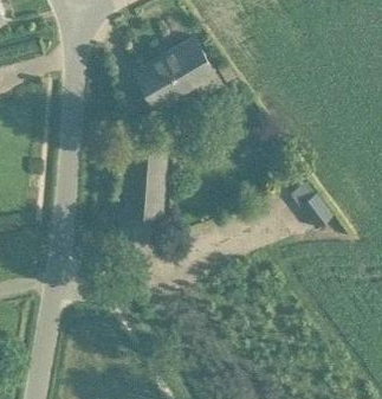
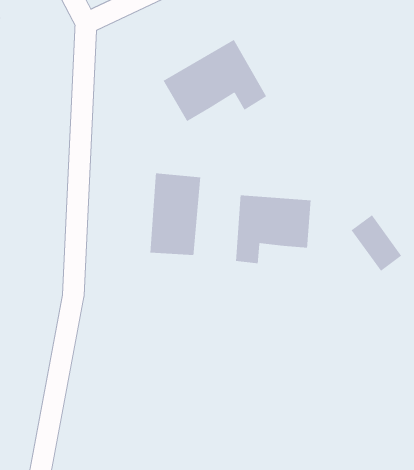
building: none -> [235,195,311,264]

